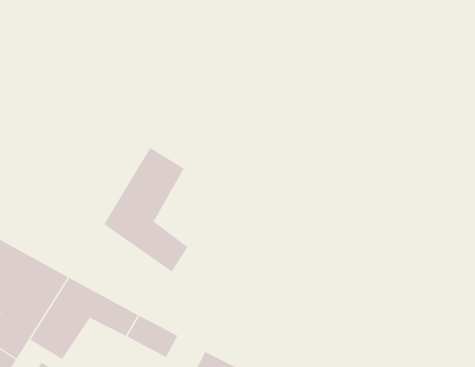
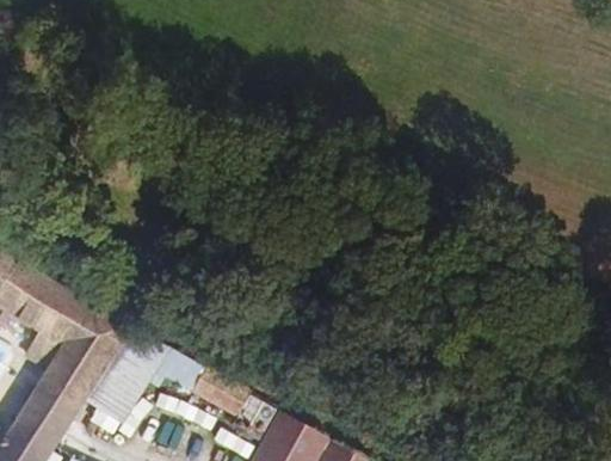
building: [103,147,188,272] -> none

